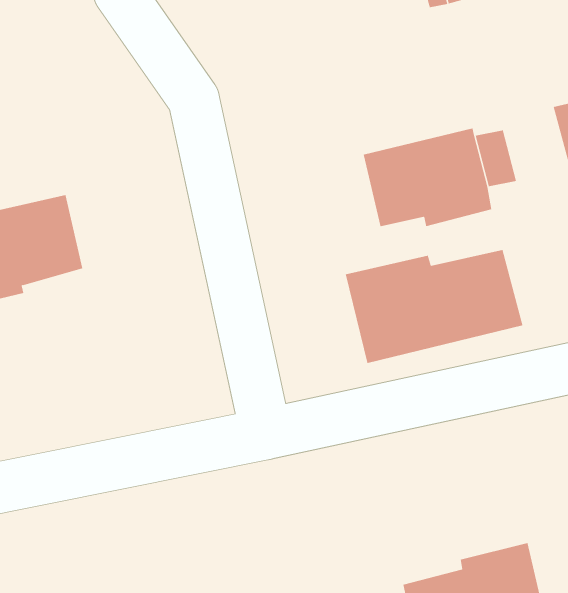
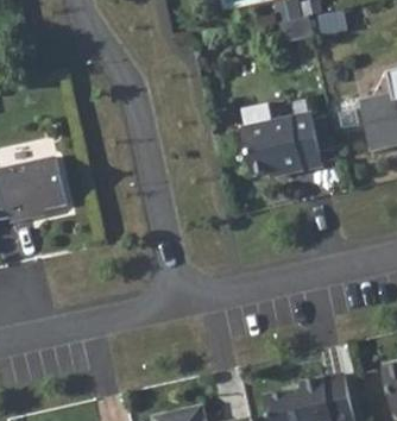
building: [345,249,523,364] -> none

